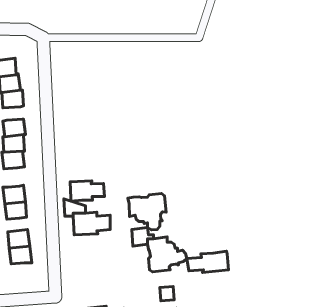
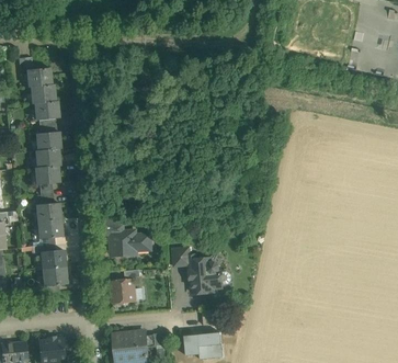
building: [70,181,105,201] -> none
building: [128,193,166,230] -> none
building: [187,251,229,273] -> none
building: none -> [111,279,136,304]

